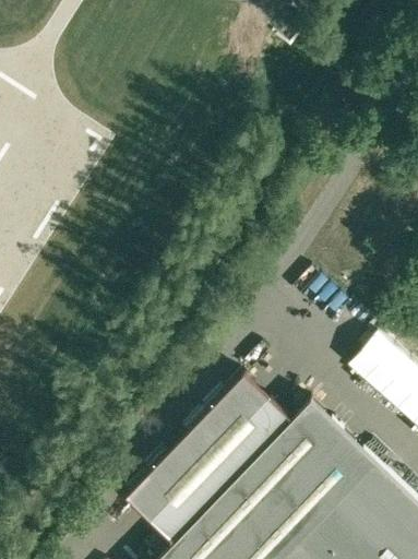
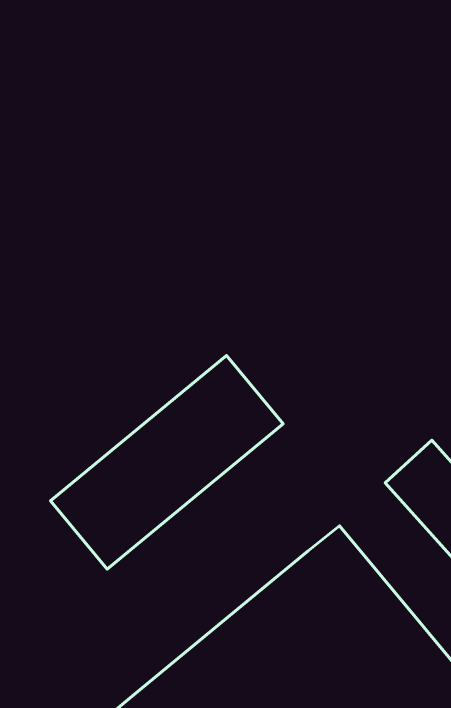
building: [130,373,292,538] -> [50,356,283,569]

